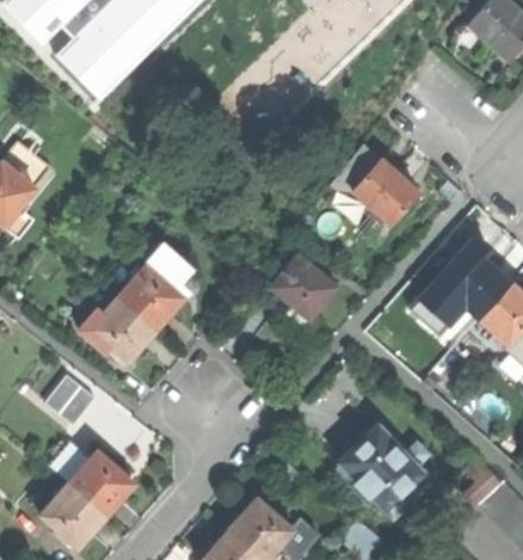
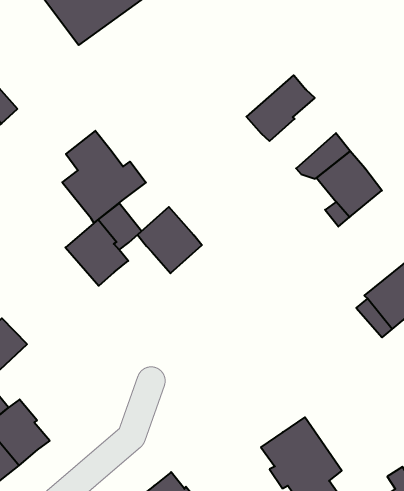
building: none -> [246,75,315,141]
building: none -> [62,131,146,223]
building: [272,253,337,318] -> [137,207,202,273]
building: [91,296,158,359] -> none

